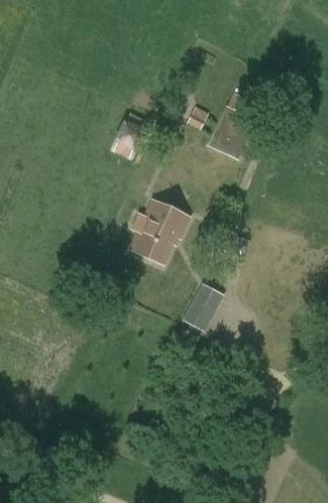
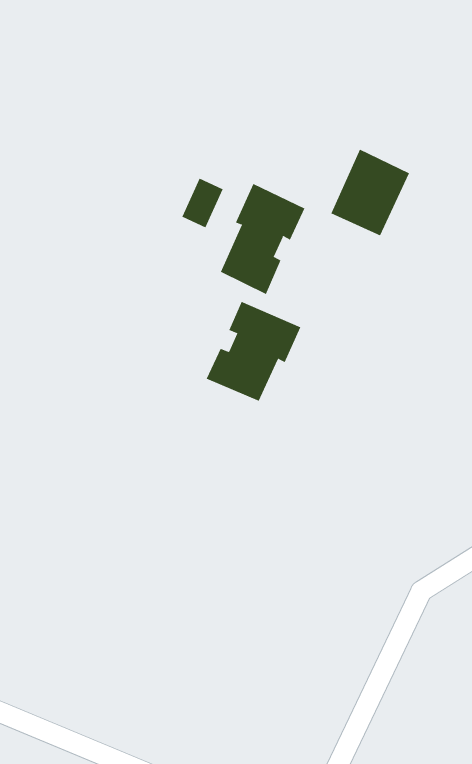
building: none -> [220,183,305,295]
building: [186,285,222,329] -> none

